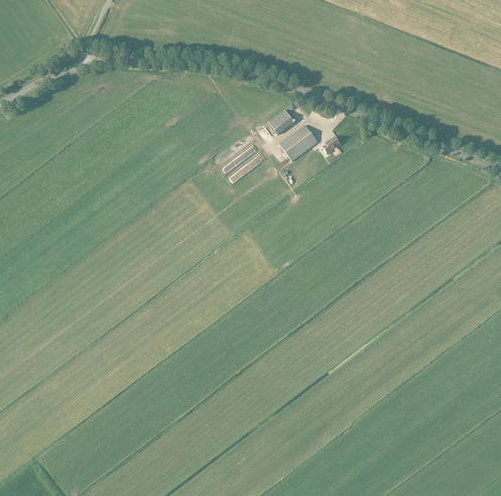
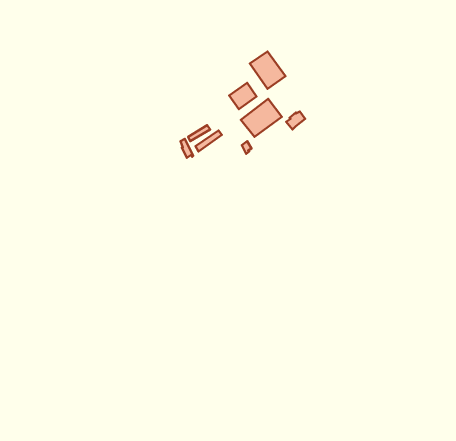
building: none -> [250,52,286,89]

